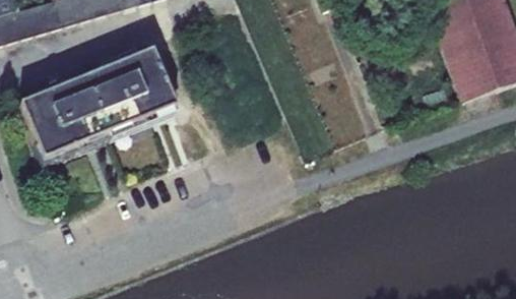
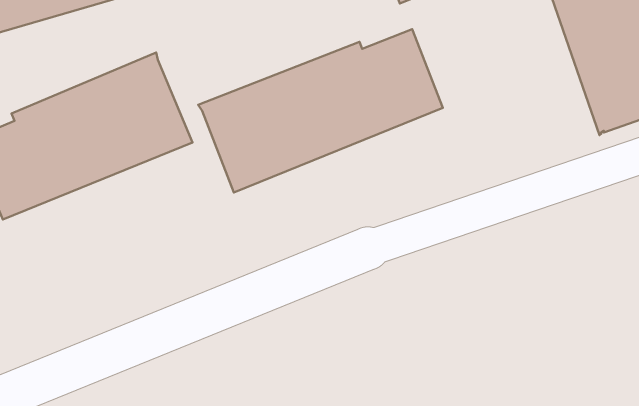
building: none -> [198,29,443,193]

